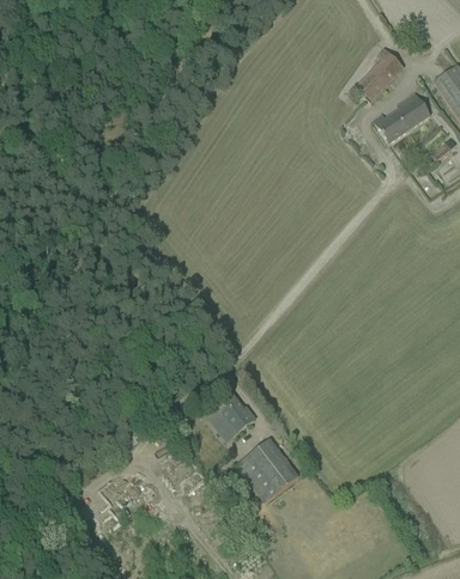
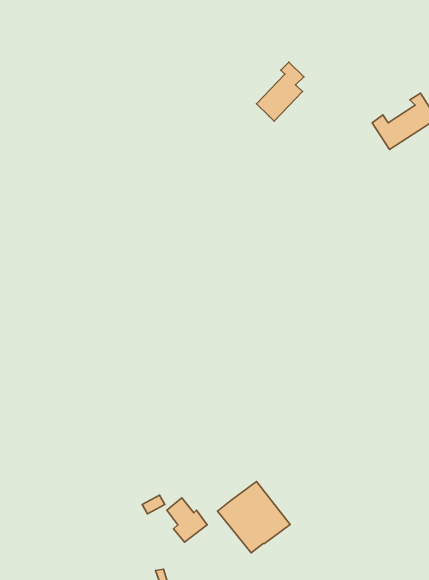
building: [356,48,398,100] -> [257,62,304,121]
building: [219,395,255,434] -> [167,498,207,542]

